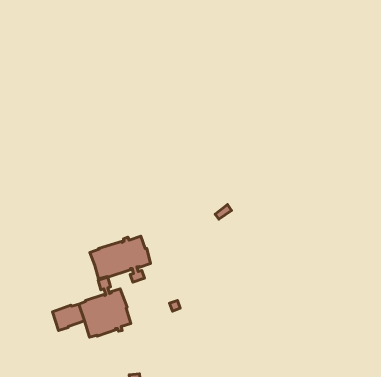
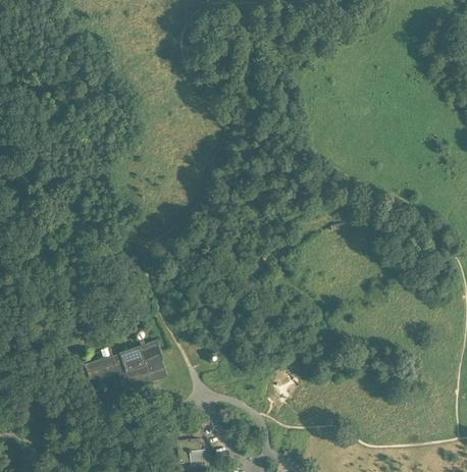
building: [90,236,151,282] -> none

